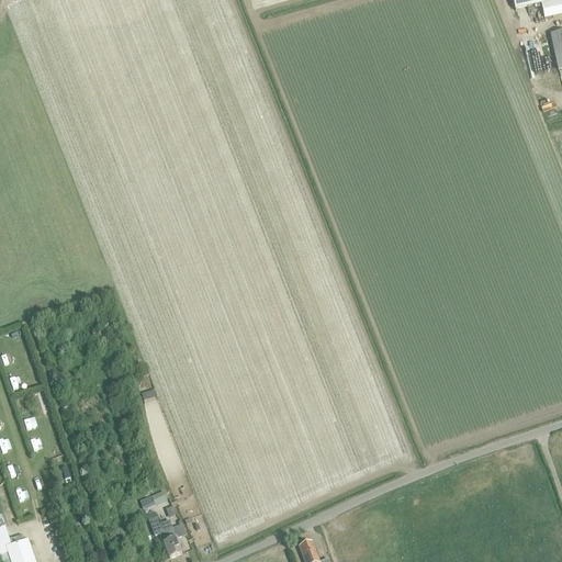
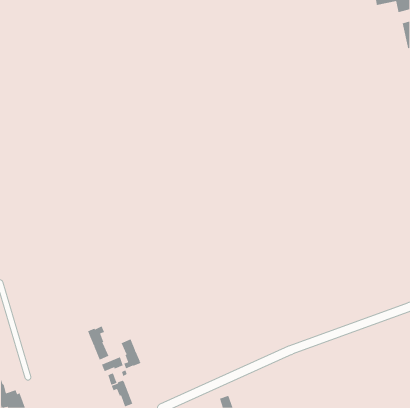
building: none -> [88,326,109,360]
building: none -> [121,338,141,369]

